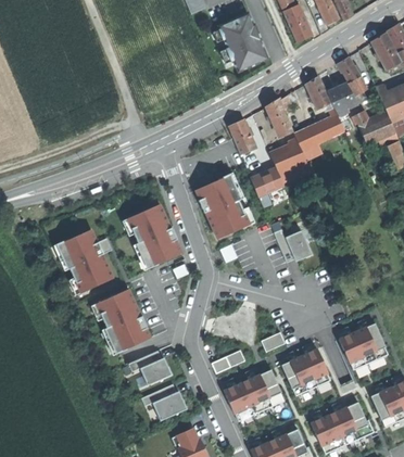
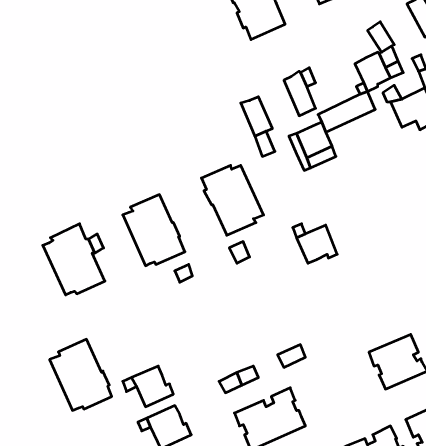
building: [305,74,330,109] -> none
building: [252,168,285,195] -> none
building: [97,288,150,348] -> [50,339,112,410]
building: [281,347,330,395] -> none

